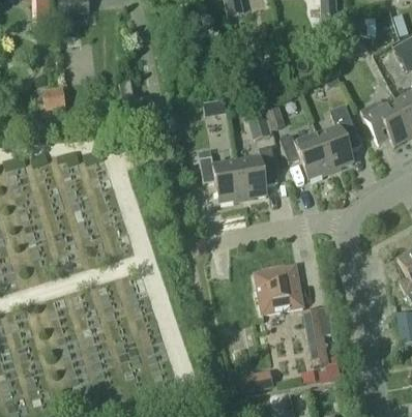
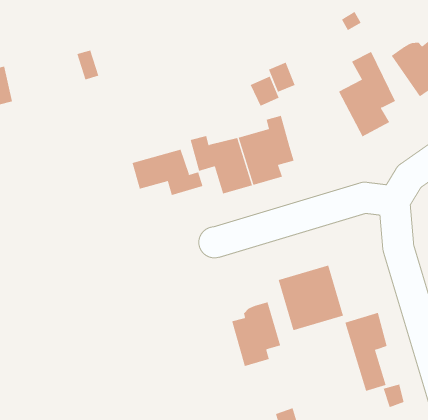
building: [279,132,331,178] -> none
building: none -> [132,149,203,196]
building: none -> [231,301,281,367]

